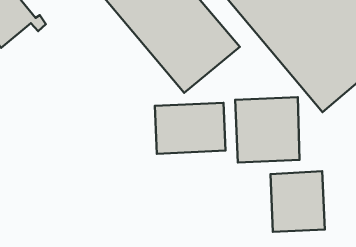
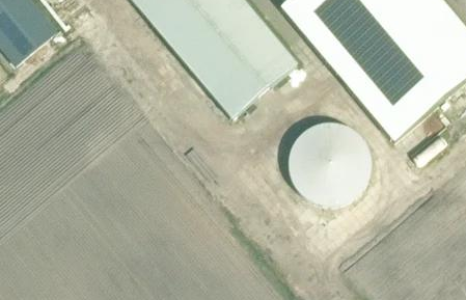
building: [155,103,225,154] -> none
building: [270,171,325,232] -> none

